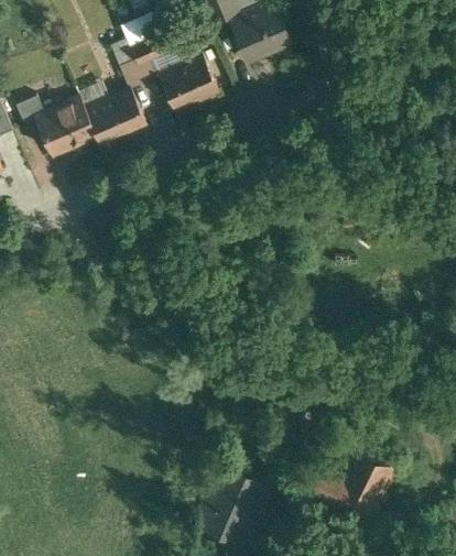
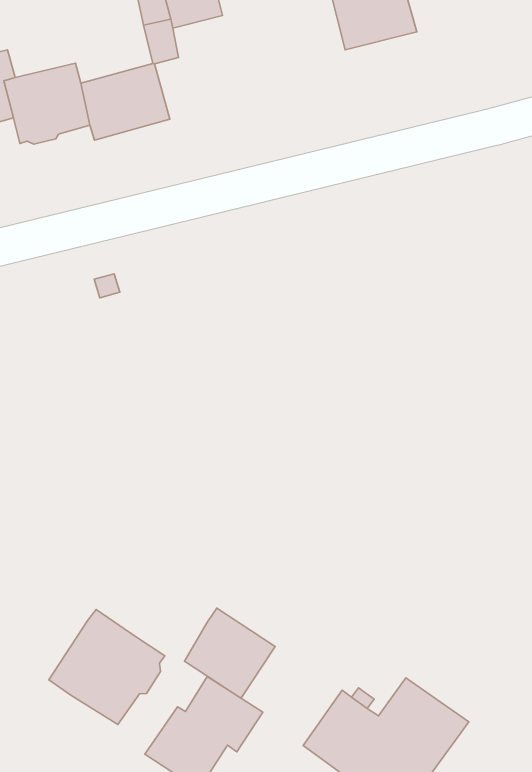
building: [160,57,219,112] -> none
building: none -> [184,608,275,698]
building: none -> [49,610,165,724]

